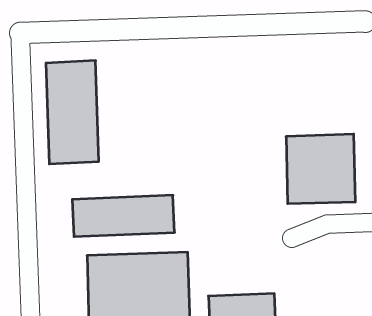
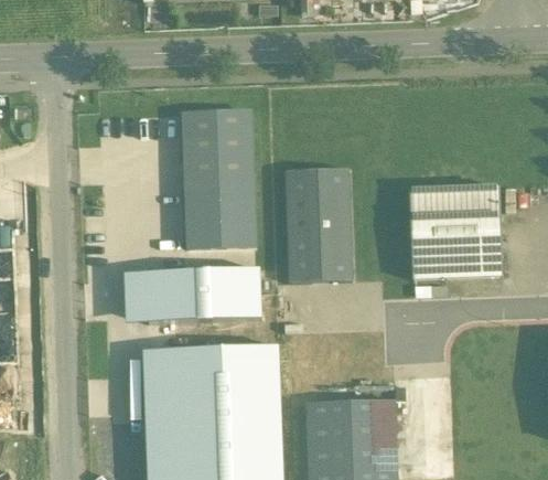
building: [46,61,99,164] -> [183,110,254,248]
building: none -> [286,169,352,282]

